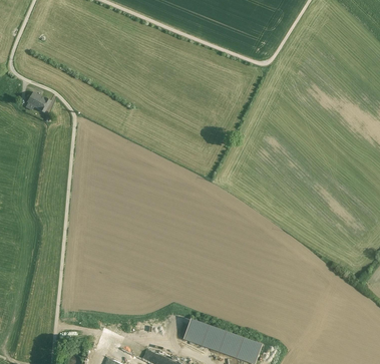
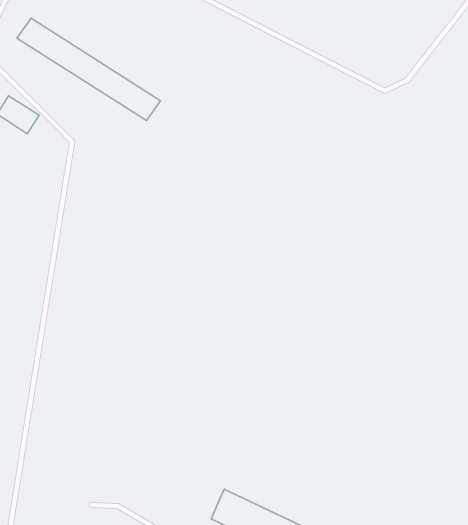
building: none -> [17,18,161,121]

